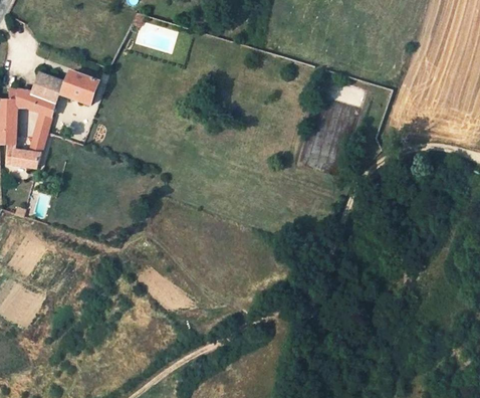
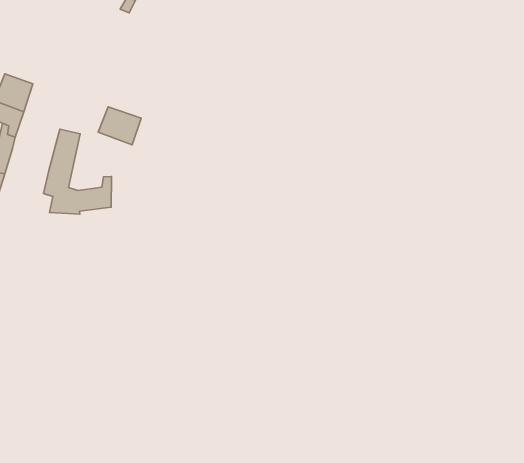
building: [62,73,96,104] -> [98,107,141,145]
building: none -> [44,129,111,214]

